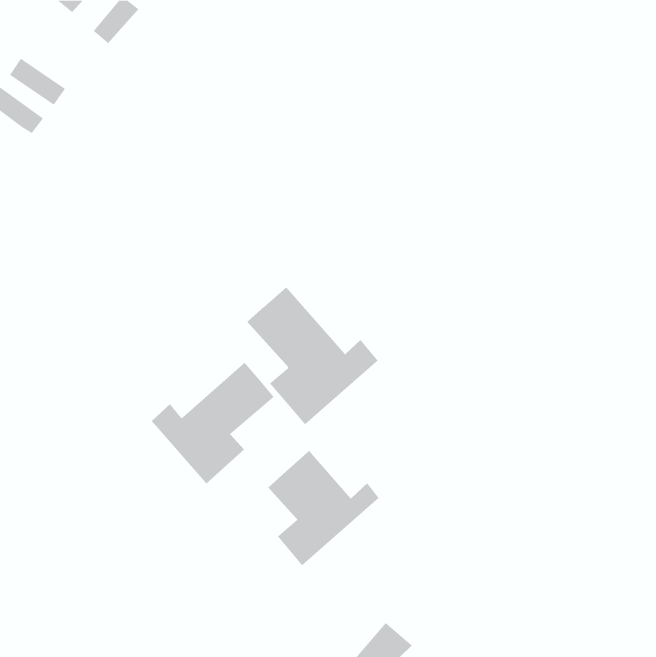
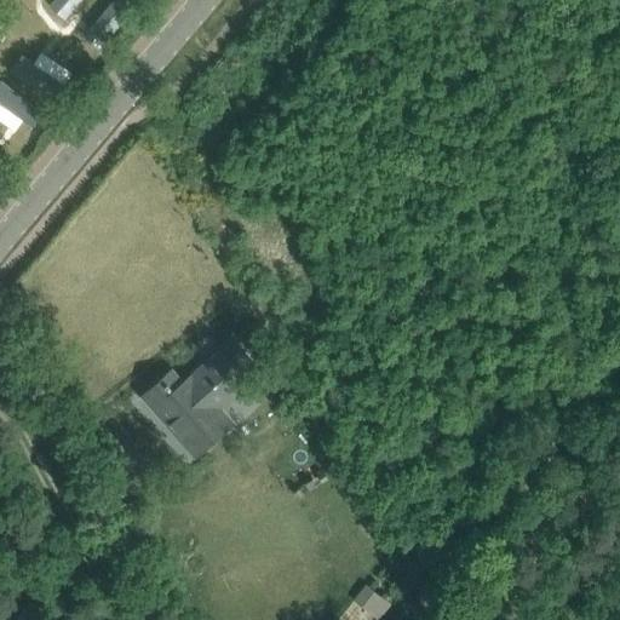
building: [247,286,378,425] -> none
building: [267,450,380,566] -> none

